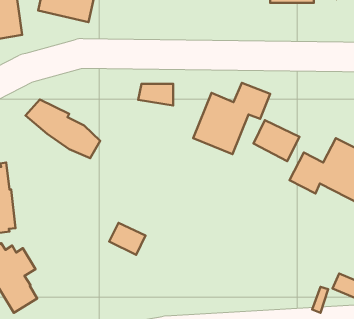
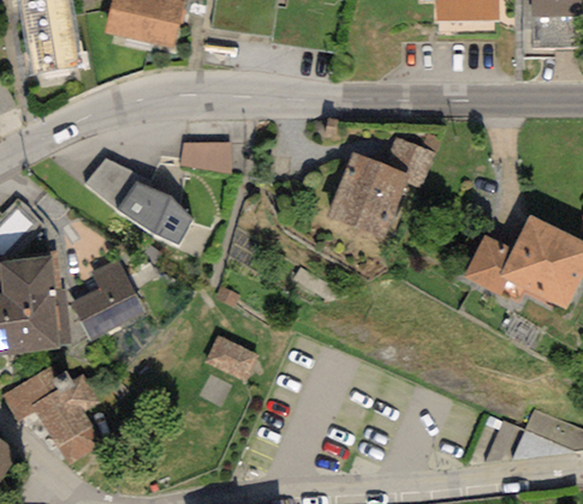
building: [138,84,173,106] -> [179,142,230,173]
building: [254,120,299,161] -> none
building: none -> [71,258,144,340]

